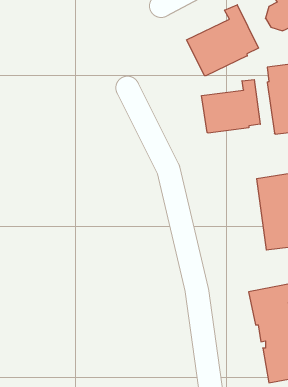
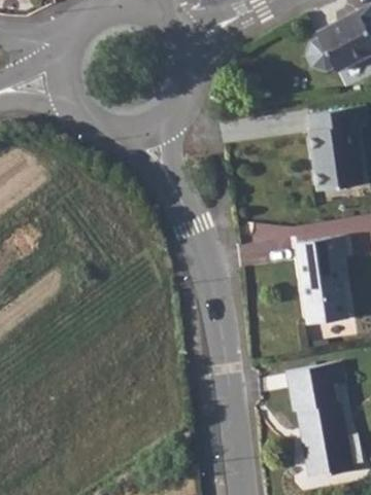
building: [187,5,258,76] -> none
building: [202,80,260,133] -> none

